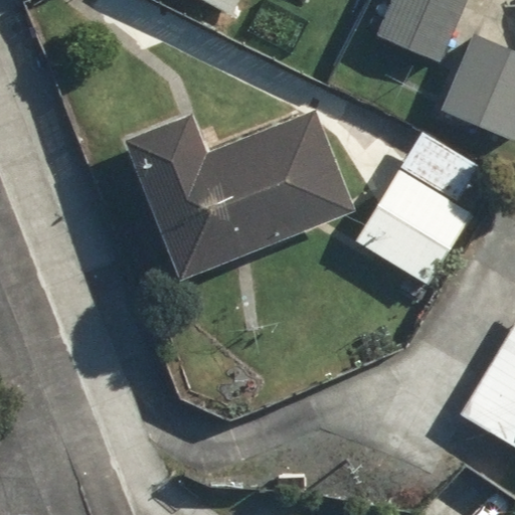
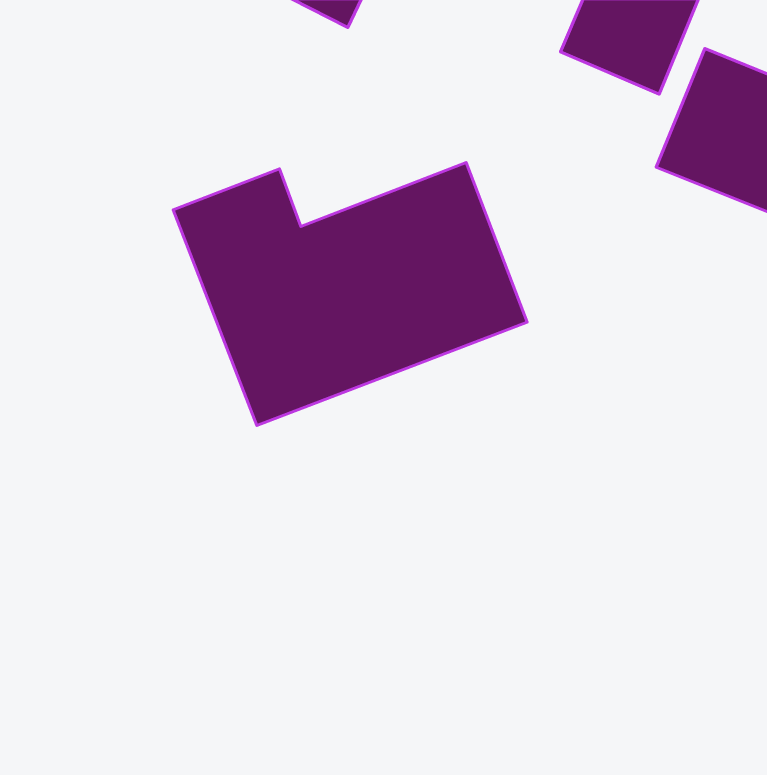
building: [356,131,484,284] -> none

